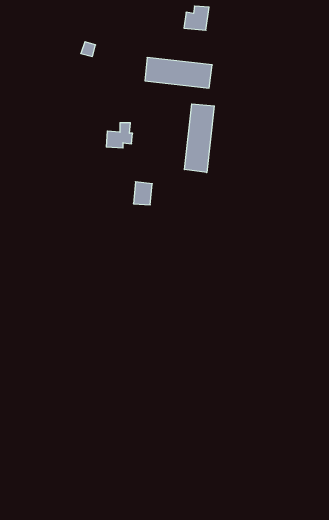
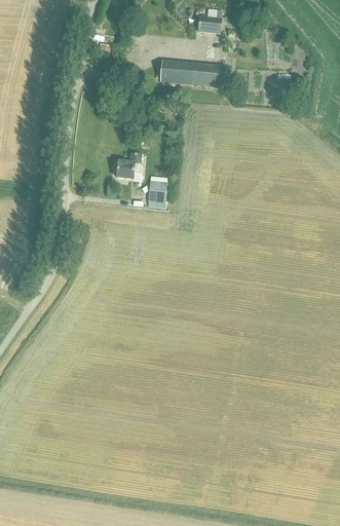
building: [184,104,214,173] -> none
building: [106,123,133,148] -> [116,153,142,178]

